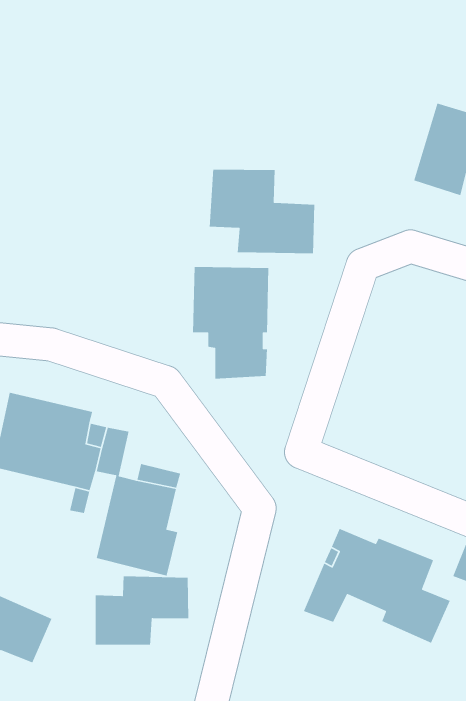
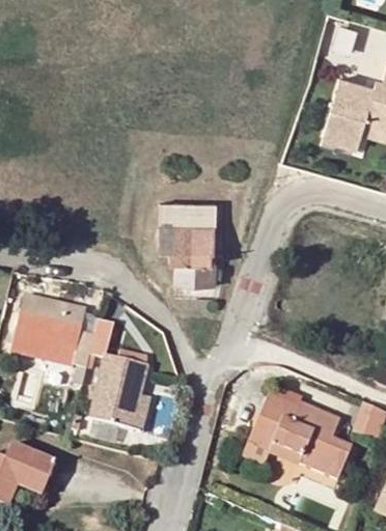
building: [209,169,315,254] -> none
building: [95,575,189,646] -> none

